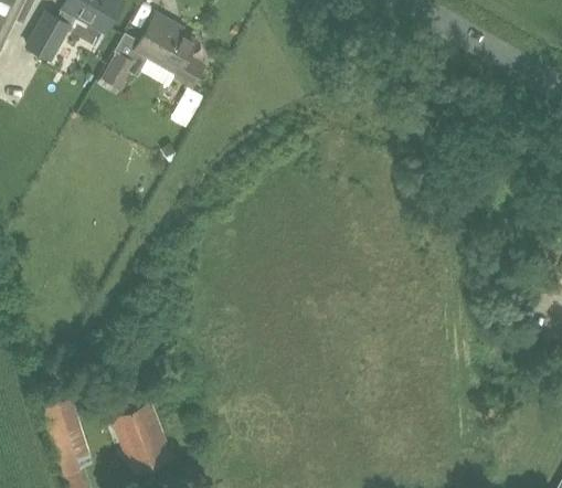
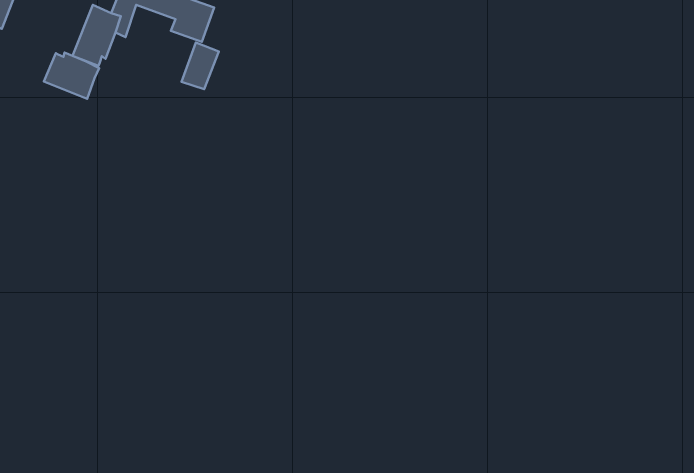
building: none -> [44,52,99,99]

